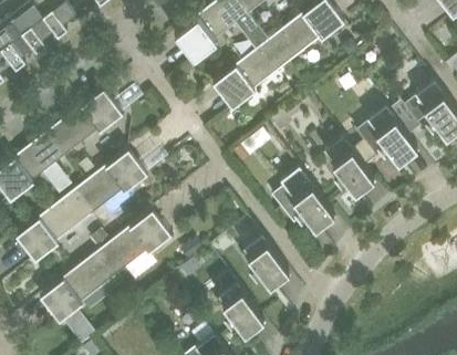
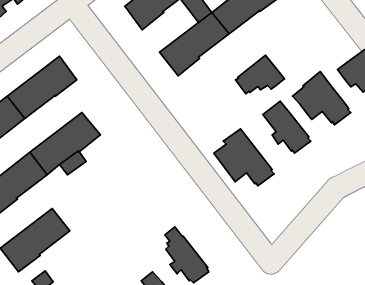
building: none -> [236,55,284,94]
building: [95,211,170,279] -> none
building: [242,236,290,288] -> none

